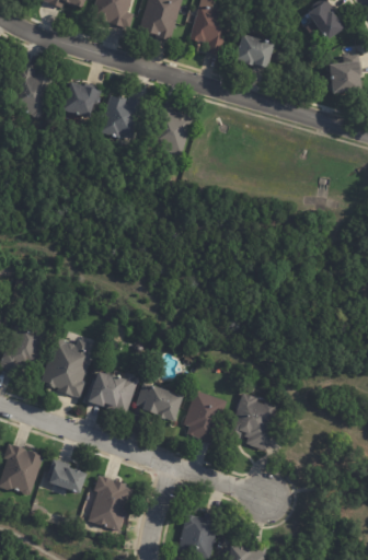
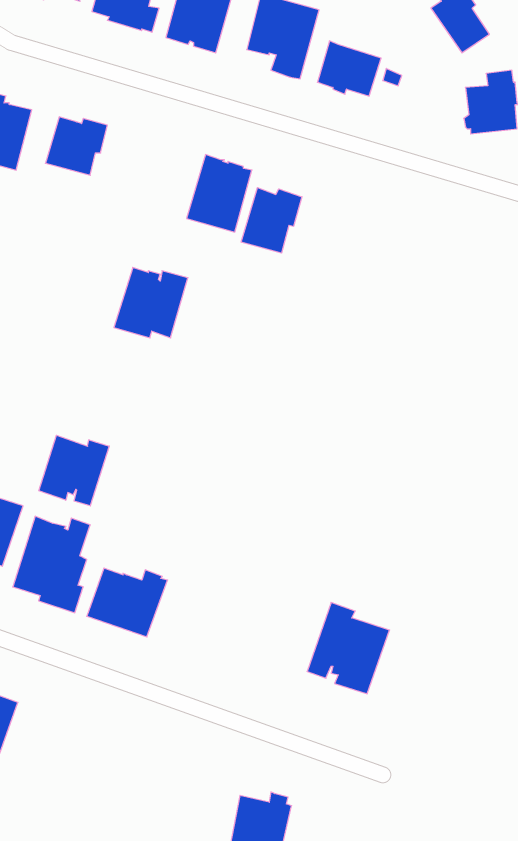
building: [97,95,145,140] -> [114,267,188,338]
building: none -> [241,188,302,253]
building: none -> [39,435,109,506]
building: [135,383,183,421] -> none
building: [183,390,226,444] -> none
building: [47,459,87,492] -> none
building: [88,475,133,532] -> none

